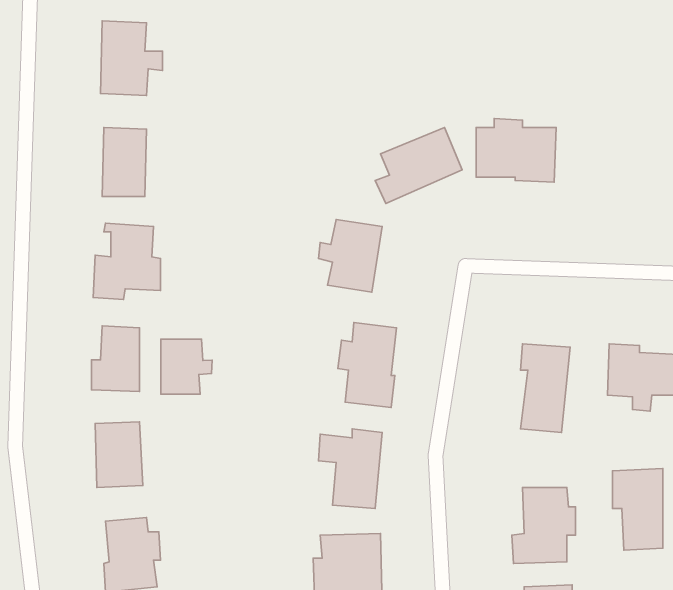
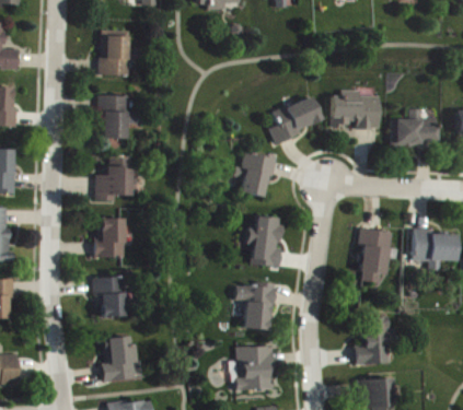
building: none -> [391,109,438,148]
building: [161,339,212,394] -> none
building: [613,469,663,550] -> none

